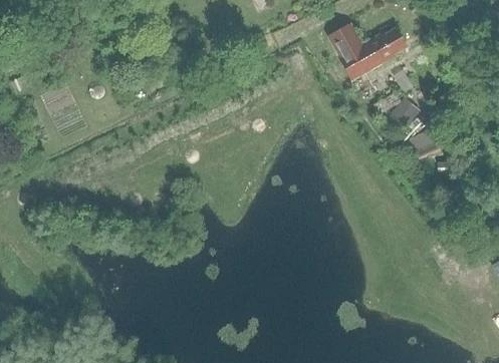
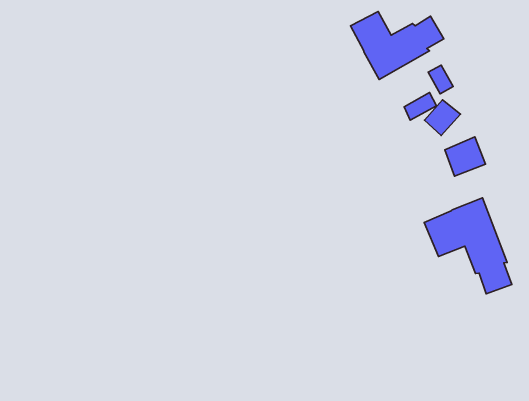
building: none -> [424,198,512,294]

